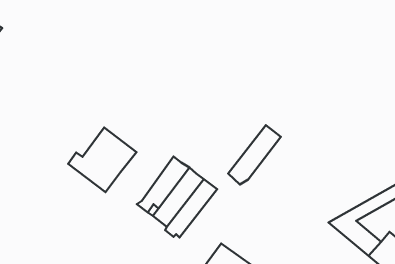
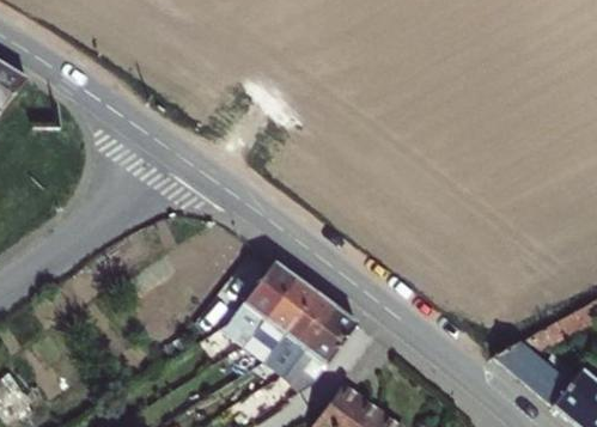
building: [228,125,281,184] -> [281,309,357,394]
building: [68,128,136,192] -> none

